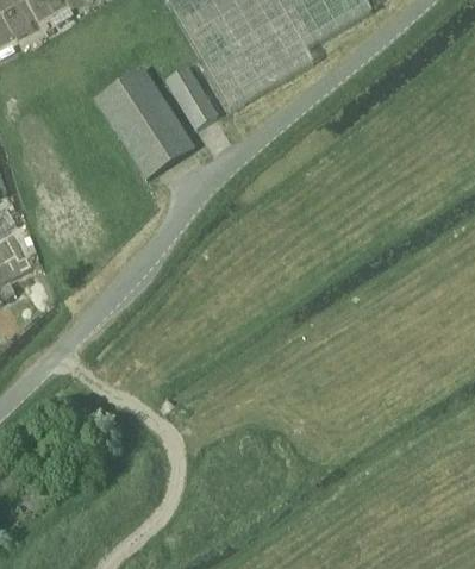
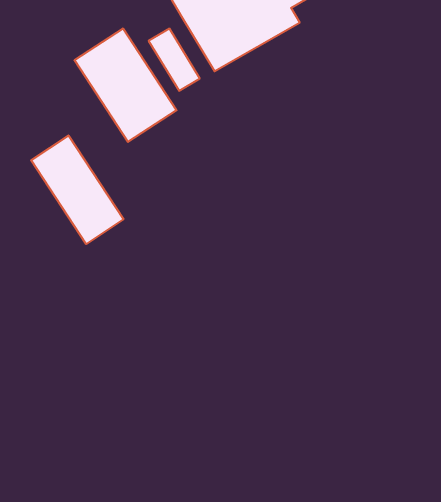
building: none -> [31,135,123,244]

